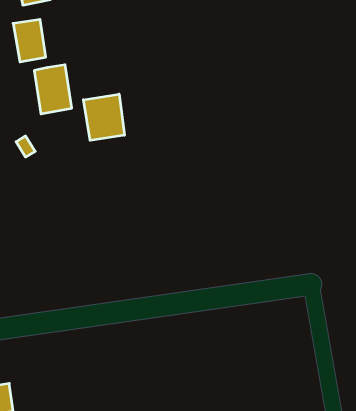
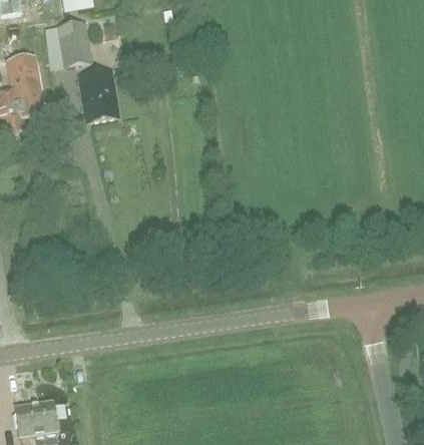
building: [83,94,124,140] -> none

